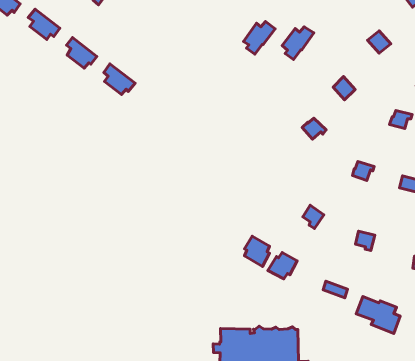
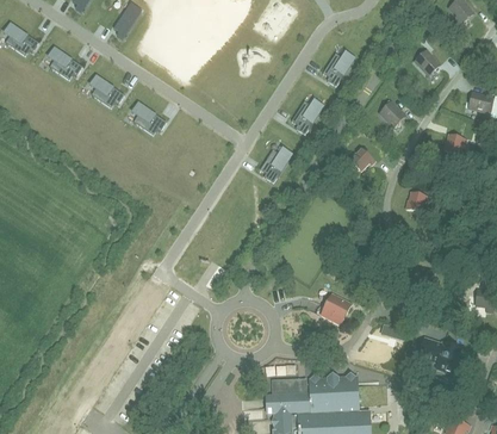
building: [243,22,275,54] -> [291,98,324,134]
building: none -> [259,145,292,181]
building: [244,236,270,267] -> none

